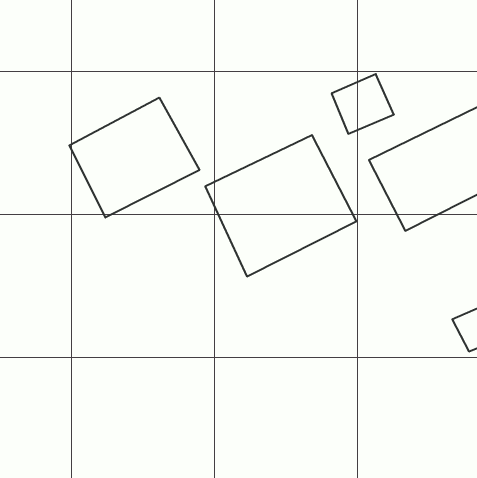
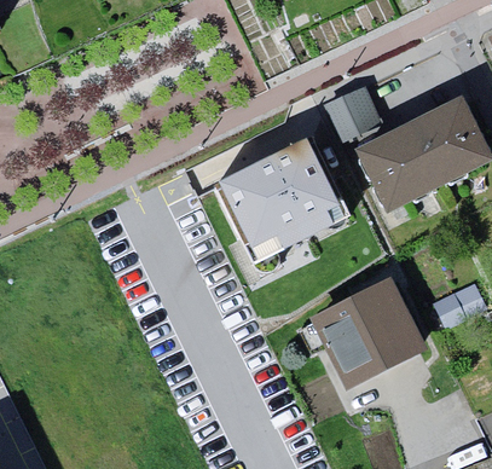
building: [69,98,199,218] -> none
building: none -> [313,277,428,387]

